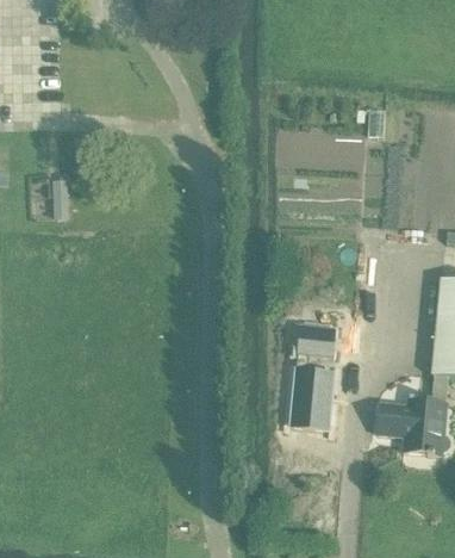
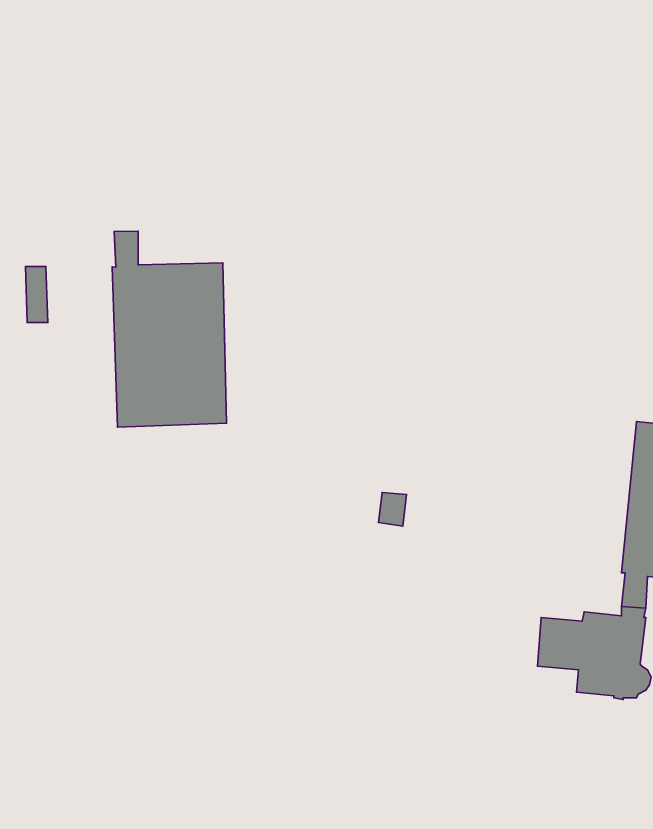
building: none -> [112,231,226,427]
building: [289,323,335,427] -> none

